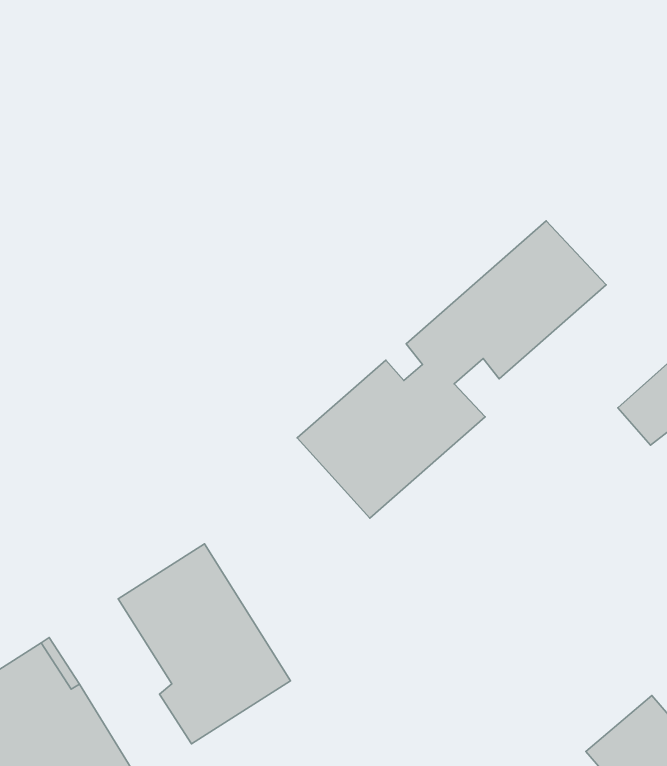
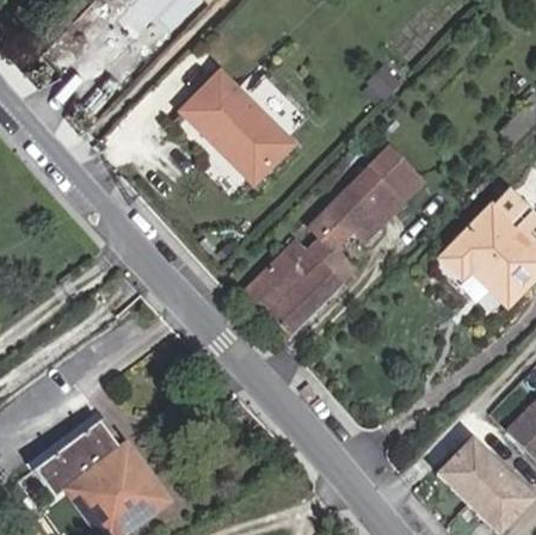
building: none -> [180,69,294,182]
building: [118,544,290,744] -> none

